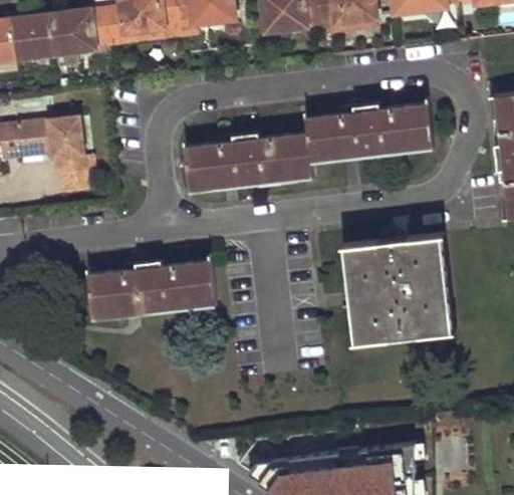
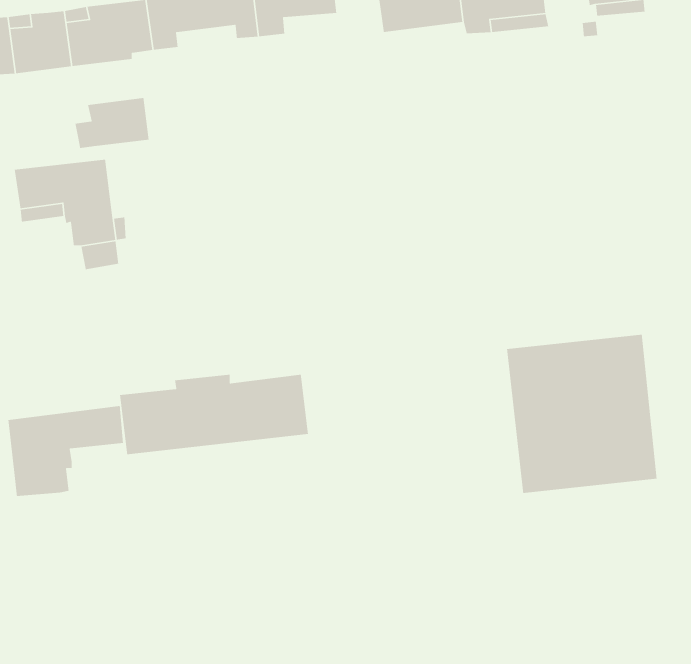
building: none -> [74,97,150,149]
building: [185,105,431,188] -> none
building: none -> [7,405,124,497]

